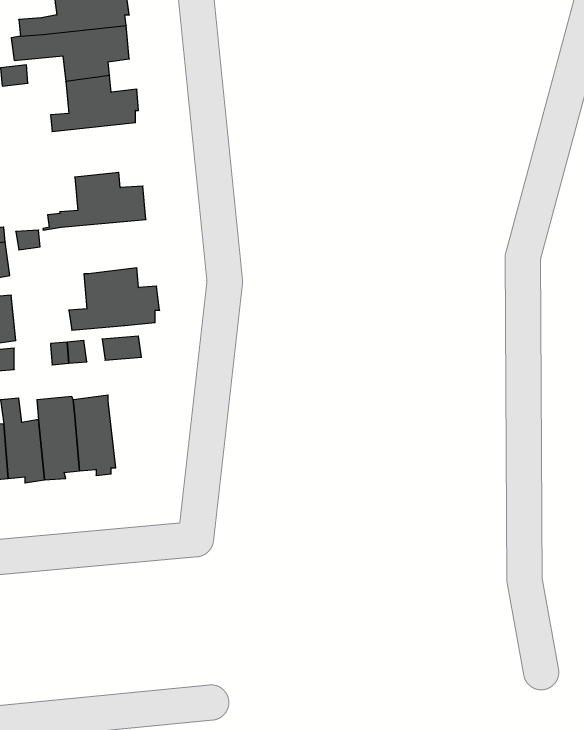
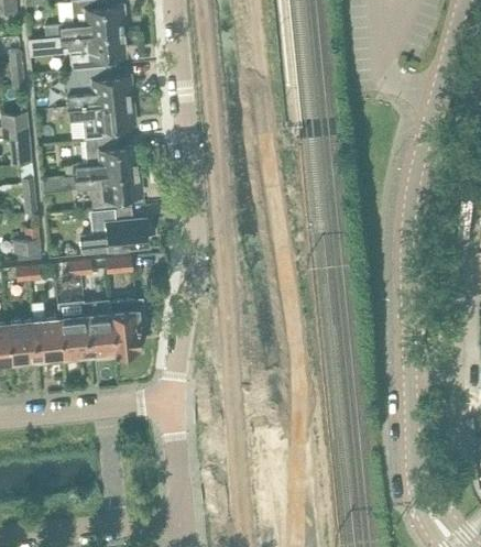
building: none -> [67,101,133,141]
building: none -> [74,172,140,211]
building: none -> [108,300,142,355]

